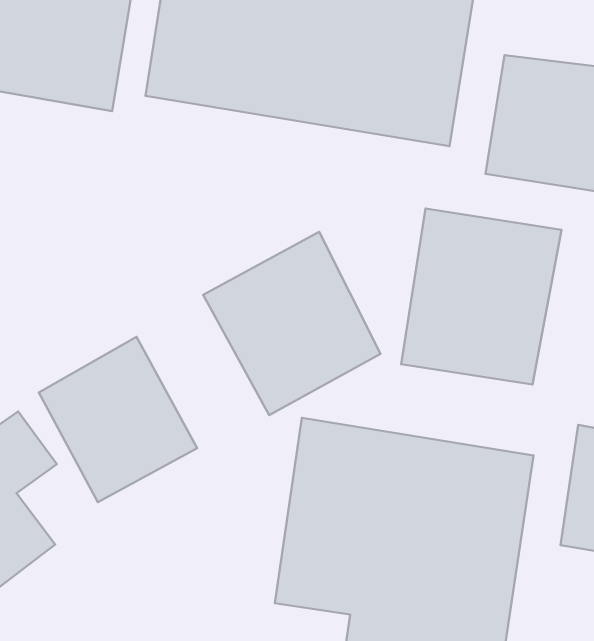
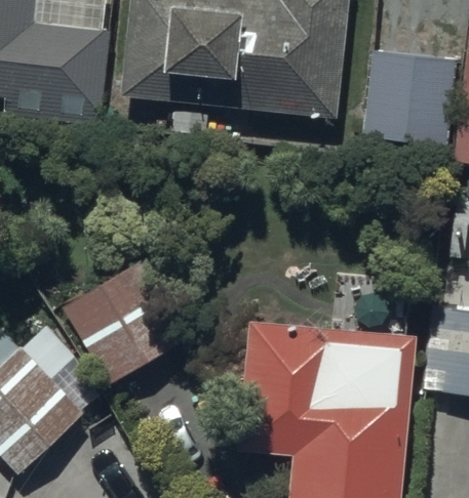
building: [401,208,562,384] -> none
building: [203,232,381,415] -> none

